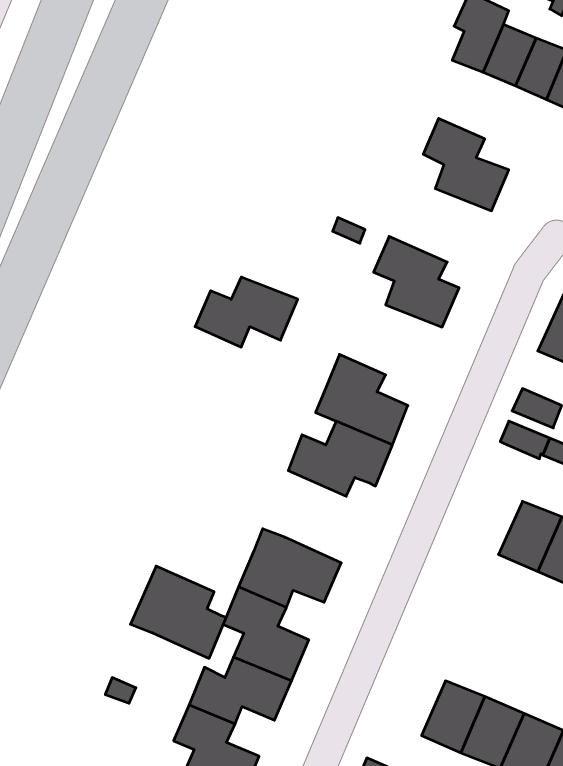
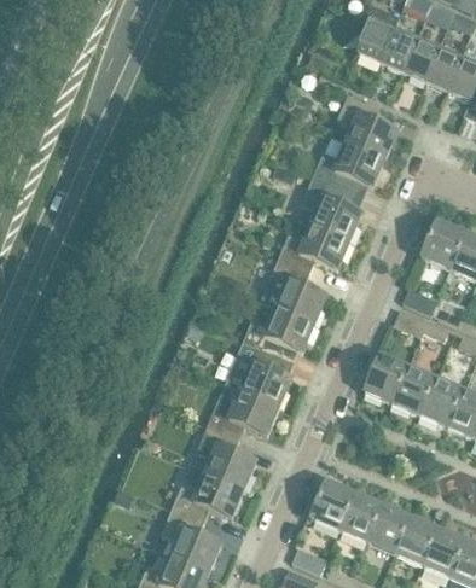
building: none -> [314,135,387,194]
building: [195,277,298,347] -> [279,225,352,274]
building: none -> [364,351,408,401]
building: [130,566,226,658] -> [225,342,292,407]
building: none -> [309,478,354,529]

